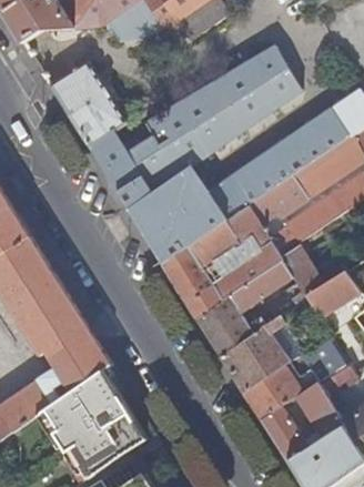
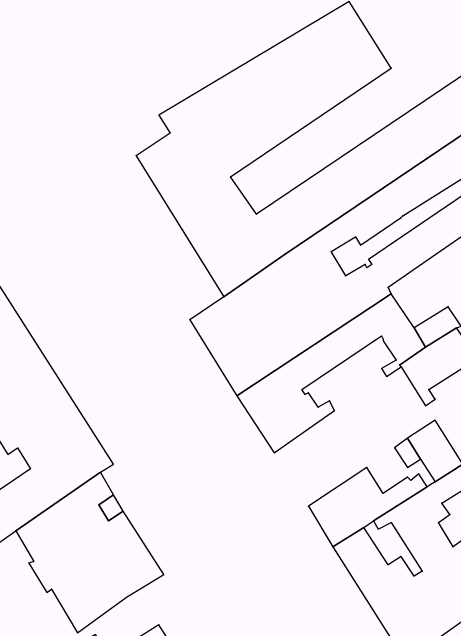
building: [49,61,185,265] -> none
building: [220,314,290,393] -> none

